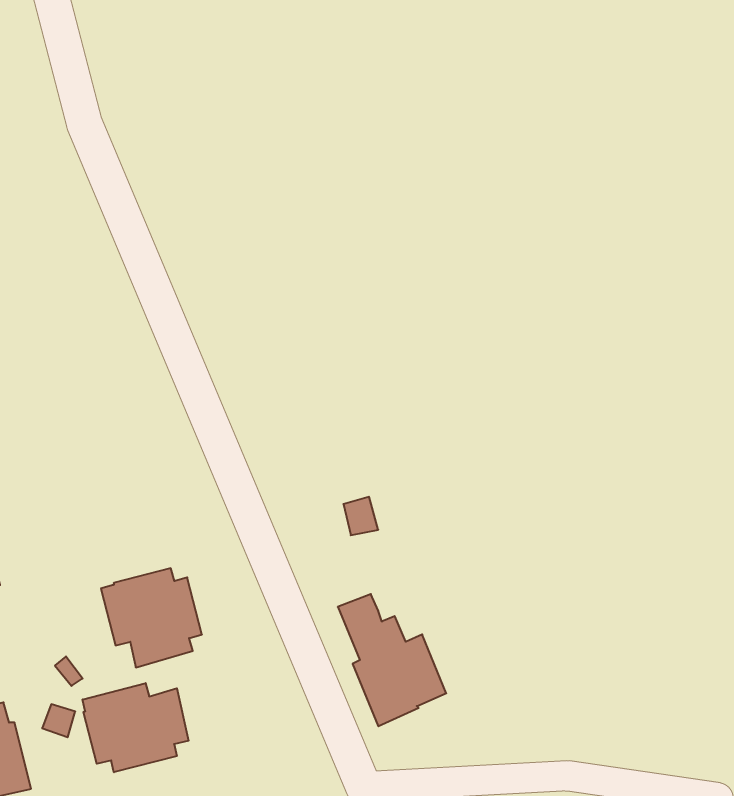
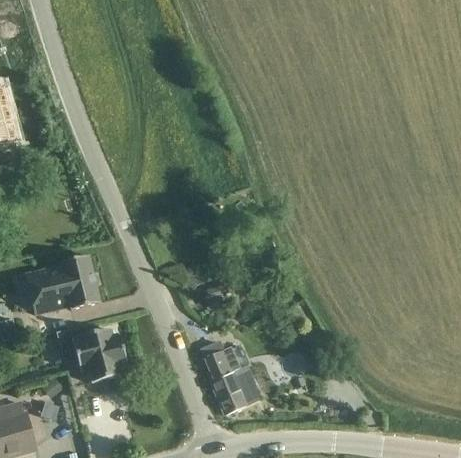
building: none -> [25,255,99,314]
building: [83,683,189,772] -> none

